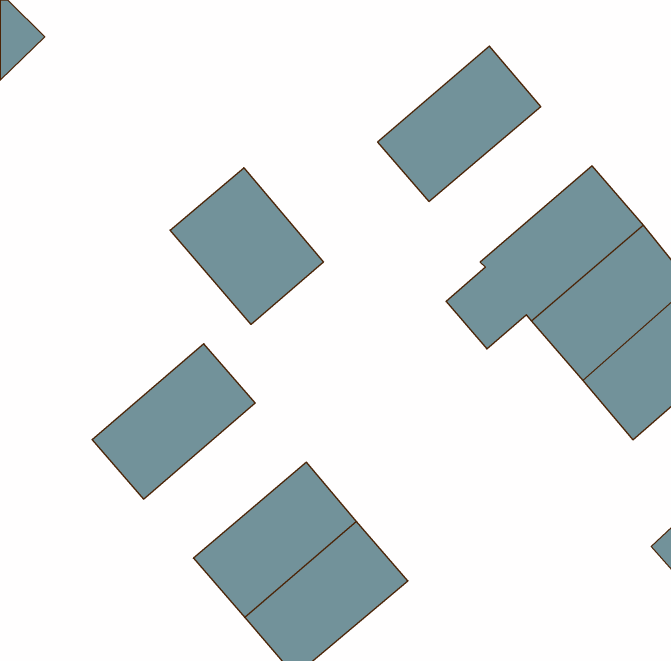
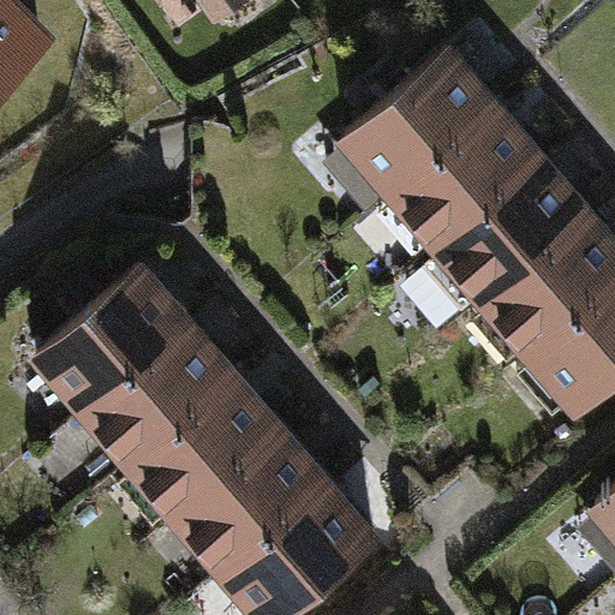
building: none -> [393,108,542,250]
building: [170,168,323,324] -> none
building: none -> [38,270,187,412]
building: none -> [132,378,281,520]

